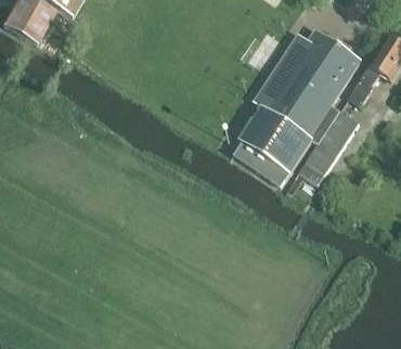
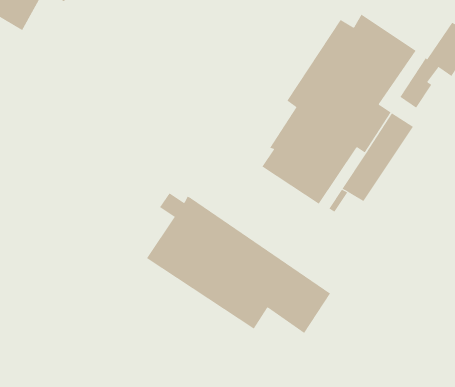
building: none -> [146,192,331,334]

